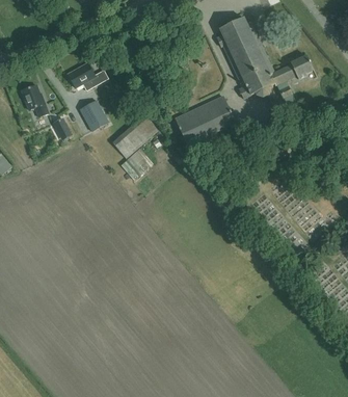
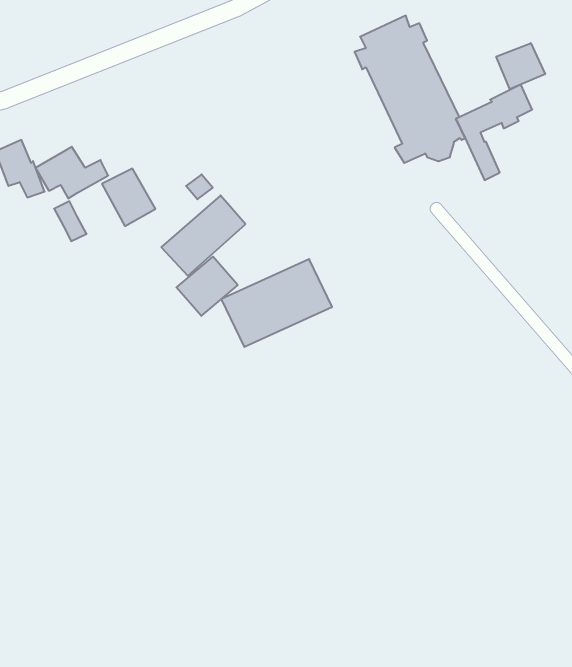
building: none -> [496,43,545,89]
building: [68,62,107,90] -> [36,147,108,198]
building: [175,96,235,143] -> [221,259,332,347]

